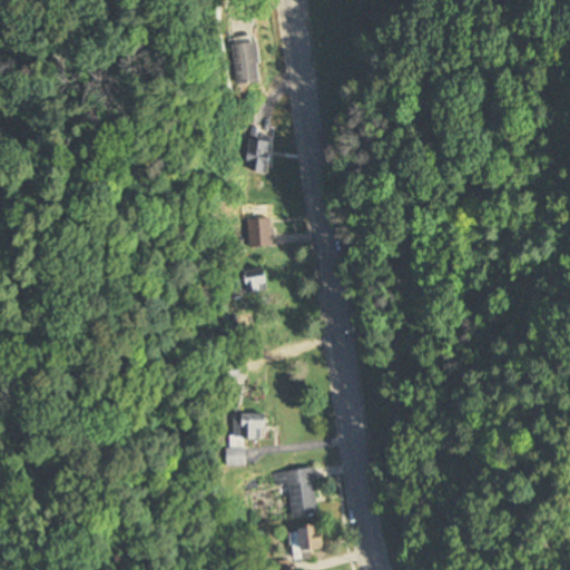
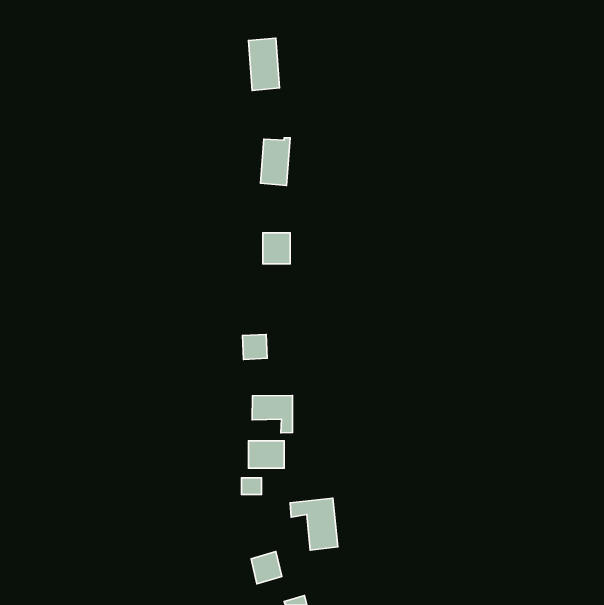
building: [245,269,268,293] -> [242,334,267,359]
building: none -> [252,395,293,433]
building: [295,521,324,551] -> [251,552,282,584]

